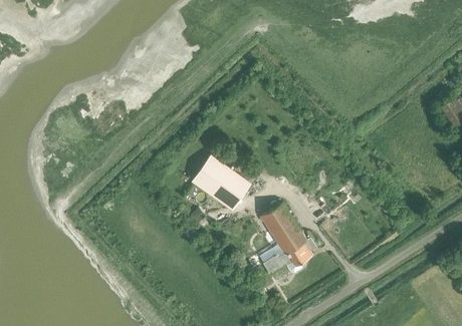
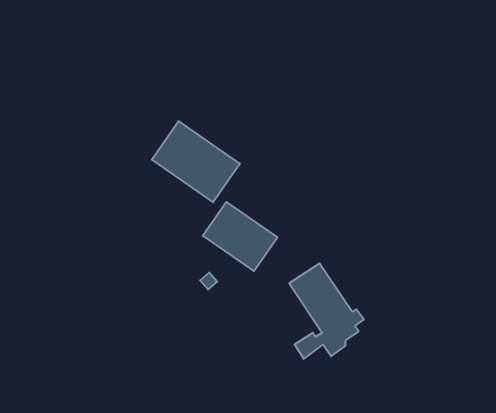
building: none -> [152,121,240,202]

